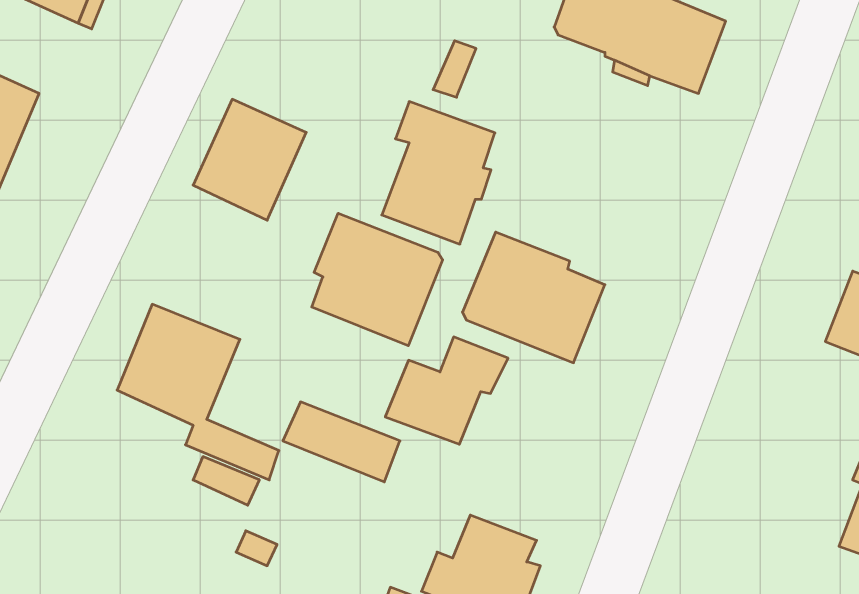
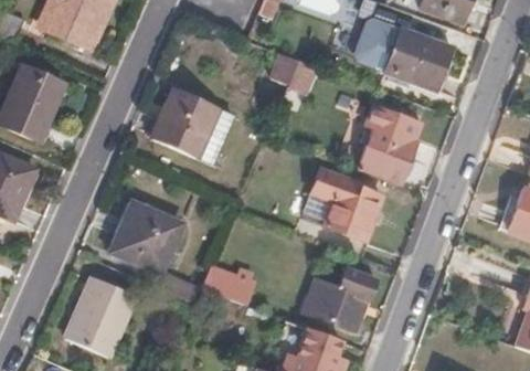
building: [382,102,495,244] -> [358,102,422,182]
building: [312,213,443,346] -> none
building: [385,337,508,444] -> [310,266,380,327]
building: none -> [64,278,134,360]

